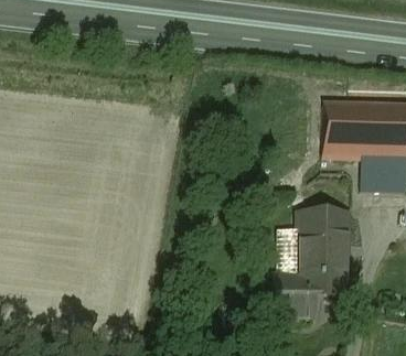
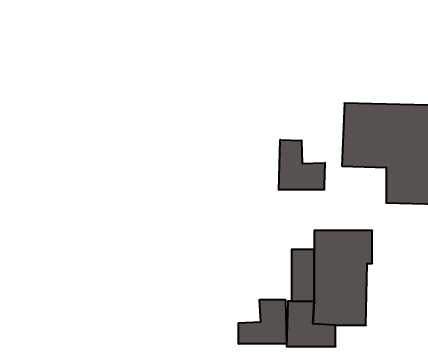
building: none -> [279,140,325,190]
building: none -> [239,300,287,344]

